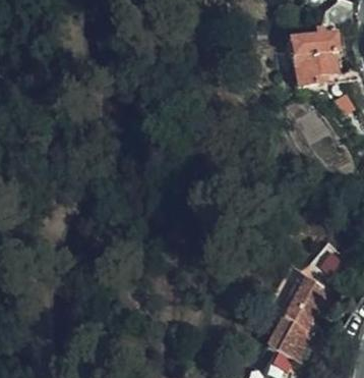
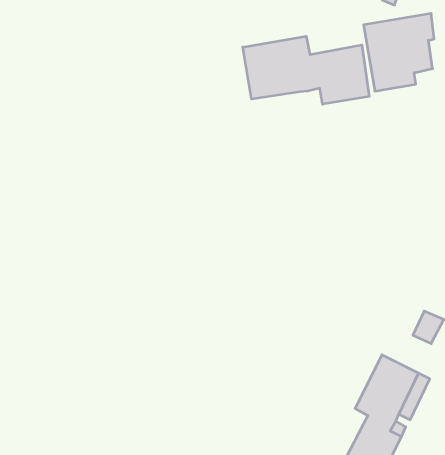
building: none -> [243,36,369,104]

